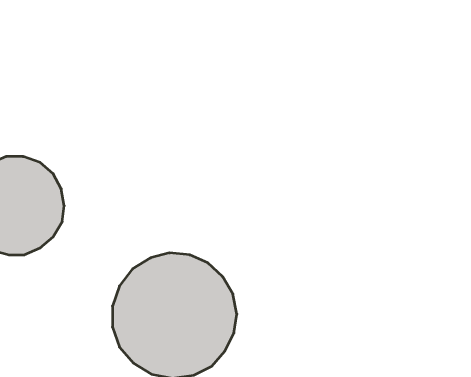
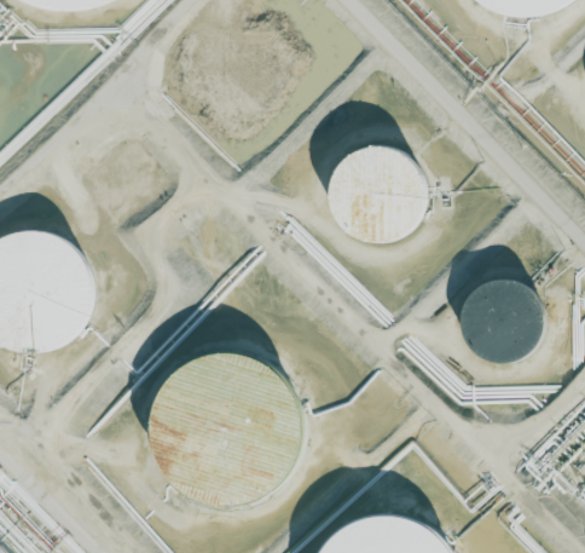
building: none -> [330,144,428,243]
building: none -> [462,281,543,362]

